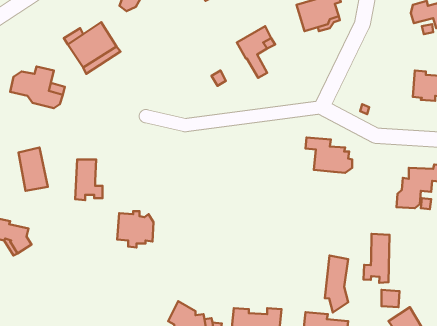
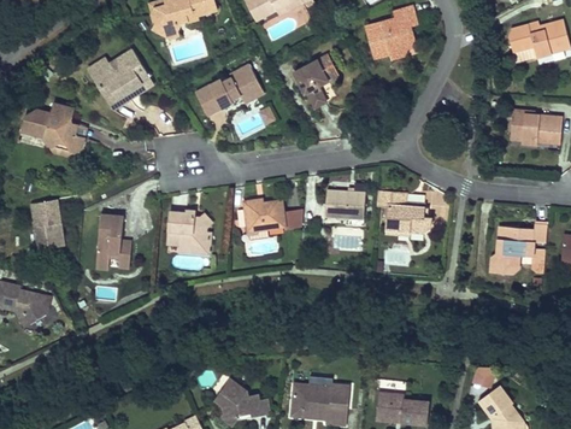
building: none -> [198,65,266,116]
building: none -> [326,184,367,223]
building: none -> [243,196,286,228]
building: [117,211,154,248] -> [171,207,214,251]
building: [363,234,389,283] -> none
building: [325,256,348,313] -> none

